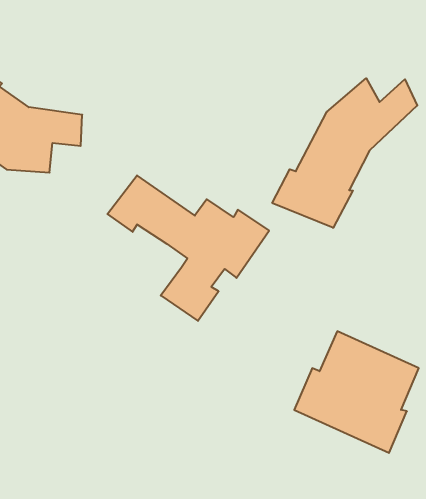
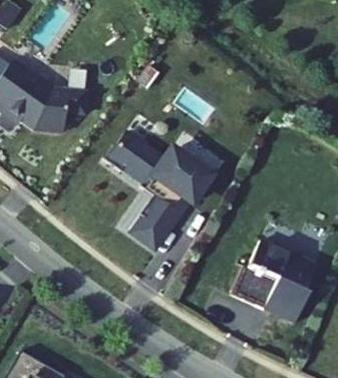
building: [272,78,417,228] -> none
building: none -> [128,197,192,252]

